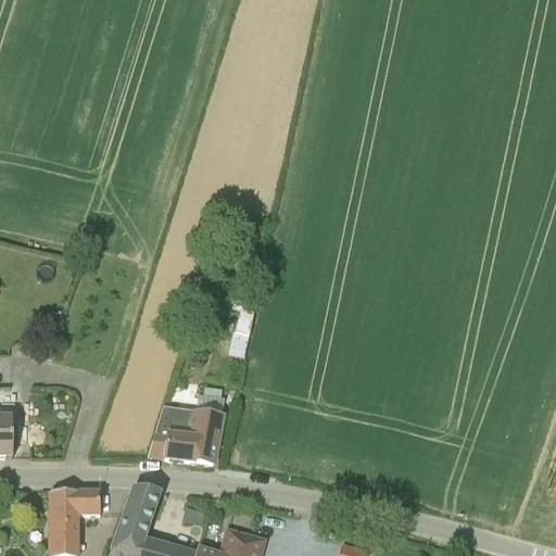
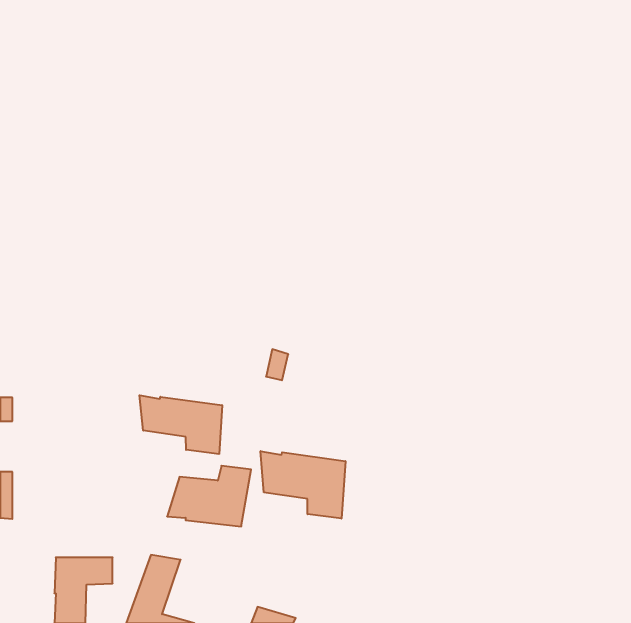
building: none -> [139,395,222,454]
building: none -> [261,451,345,519]

